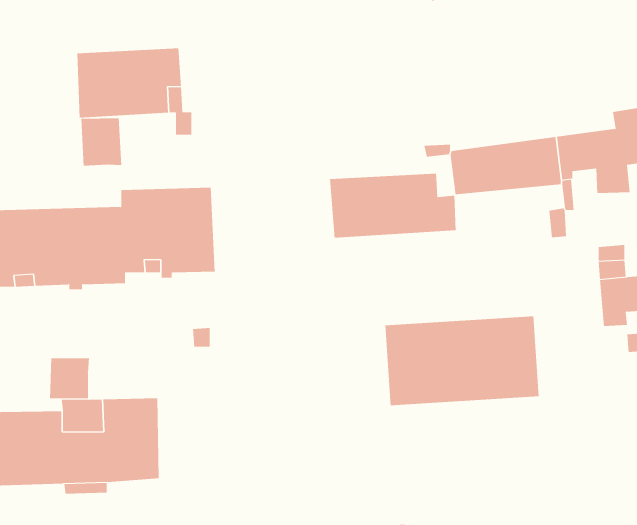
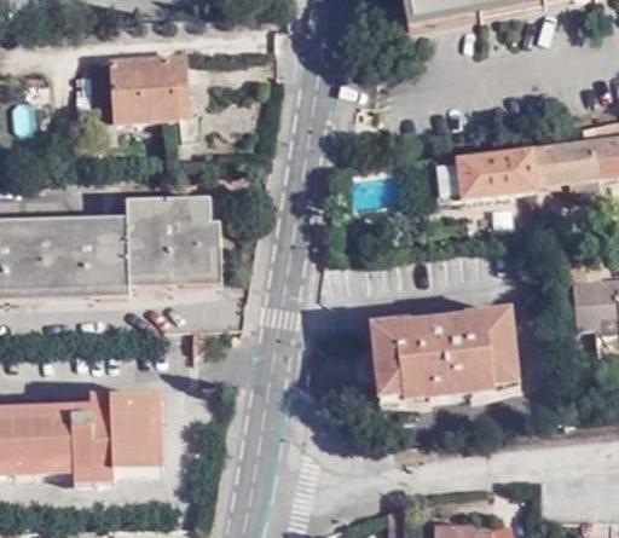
building: [81,118,122,166] -> none
building: [330,173,456,238] -> none
building: [50,358,90,399] -> none

